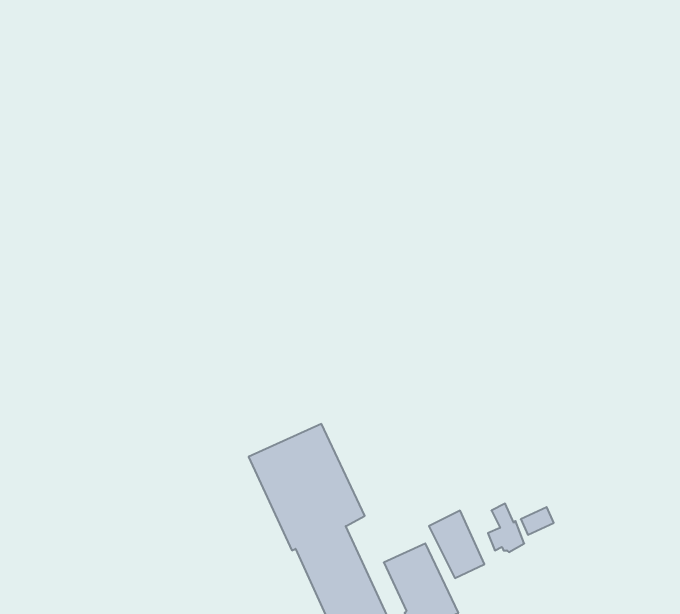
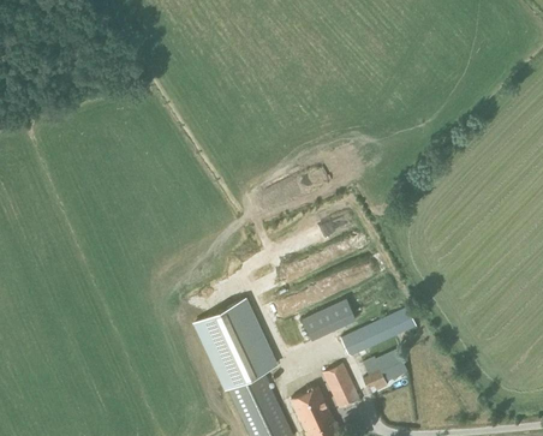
building: none -> [302,299,354,339]
building: none -> [339,305,416,357]

